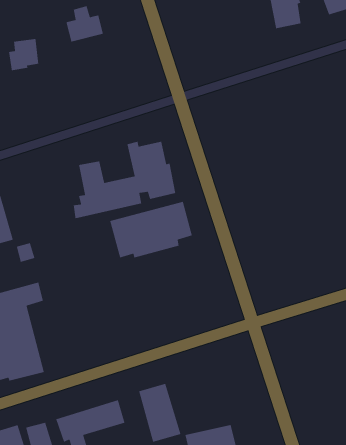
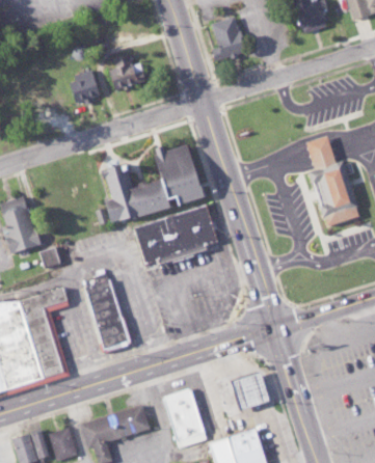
building: [66,5,104,42] -> [108,53,146,90]
building: none -> [211,17,246,62]
building: [8,38,39,71] -> [69,71,100,104]
building: none -> [305,136,359,226]
building: none -> [86,276,130,351]
building: none -> [229,372,269,411]

